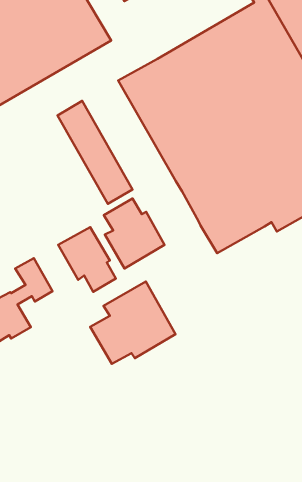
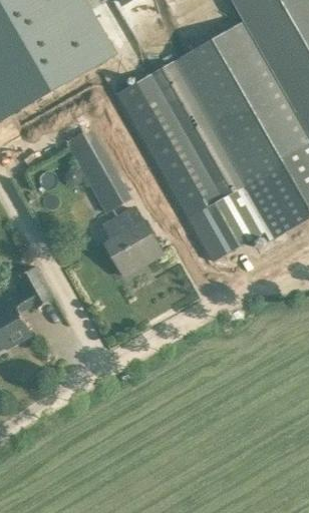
building: [58,227,116,292] -> none
building: [90,282,176,364] -> none

